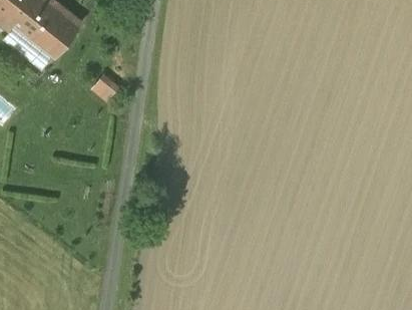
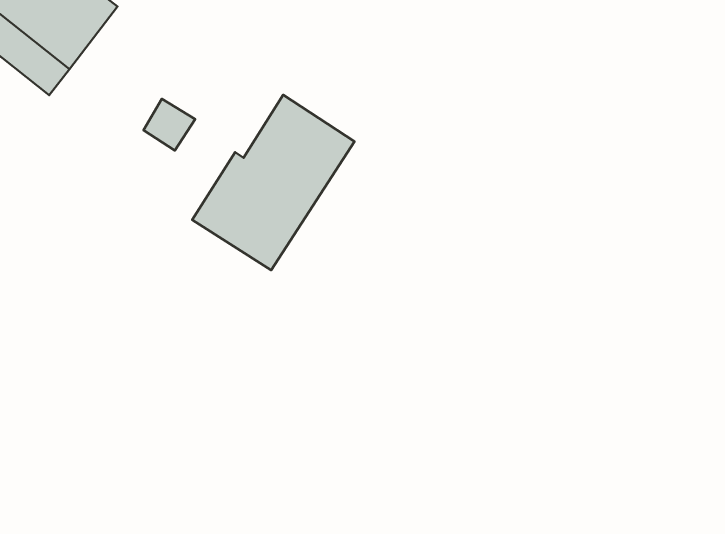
building: none -> [192,95,354,270]

